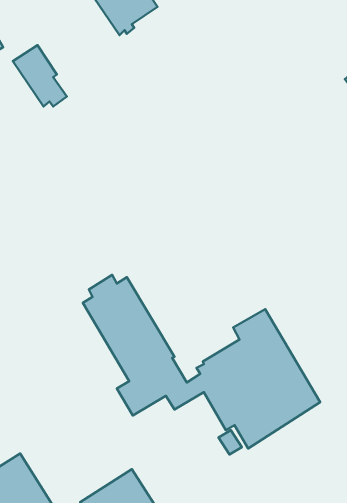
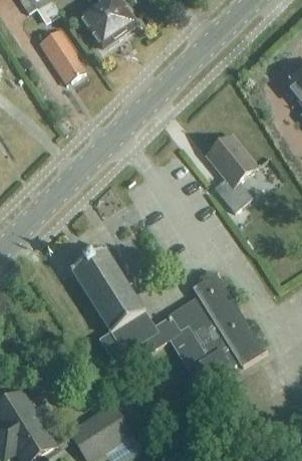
building: [13,45,67,106] -> [39,27,83,77]
building: none -> [207,133,258,210]

